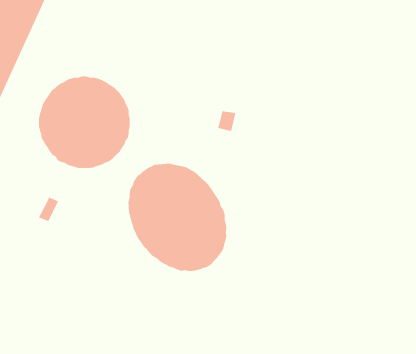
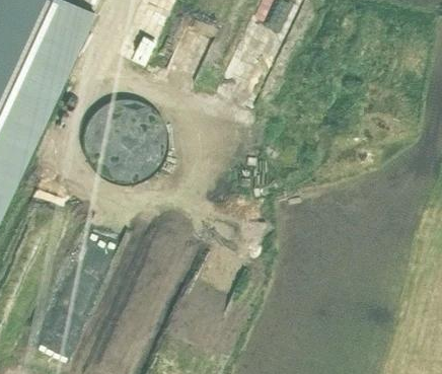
building: [128,163,227,272] -> none

